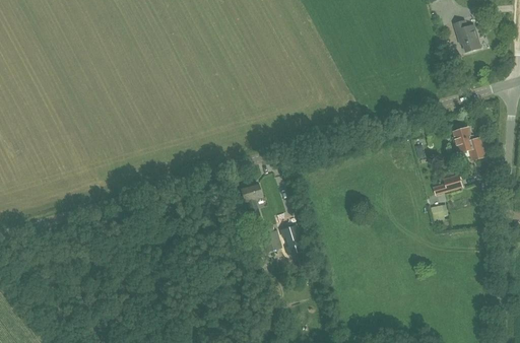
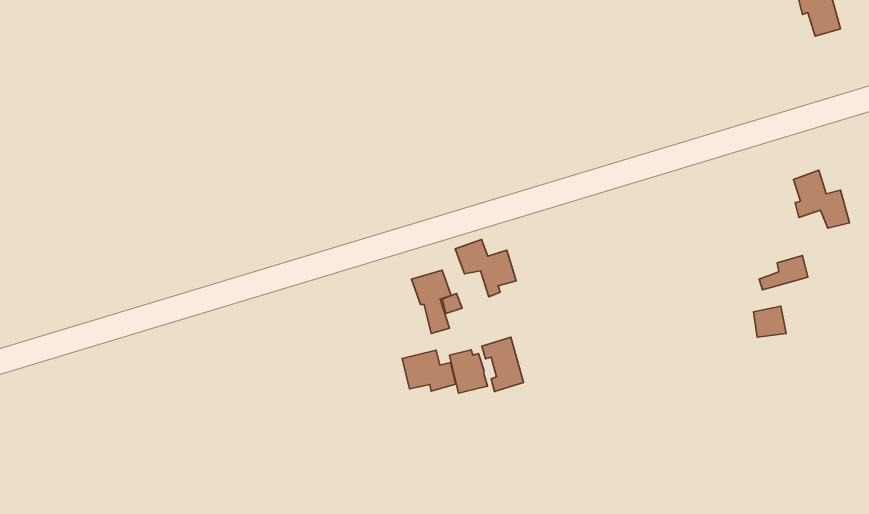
building: none -> [455,240,516,297]
building: none -> [402,350,456,391]

